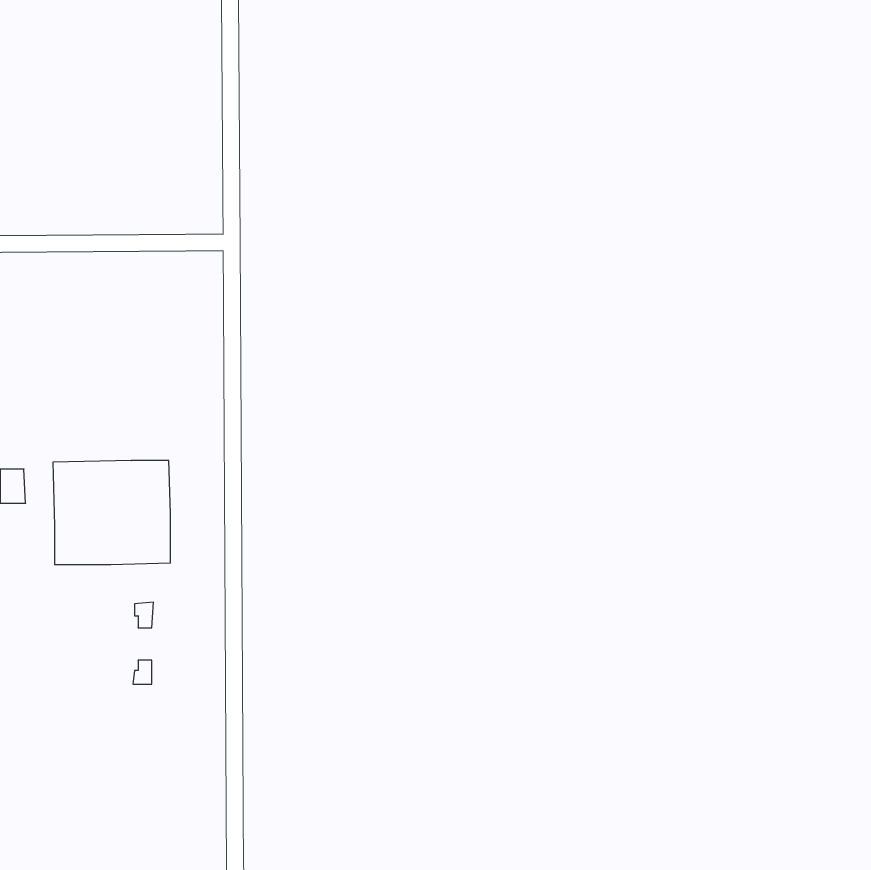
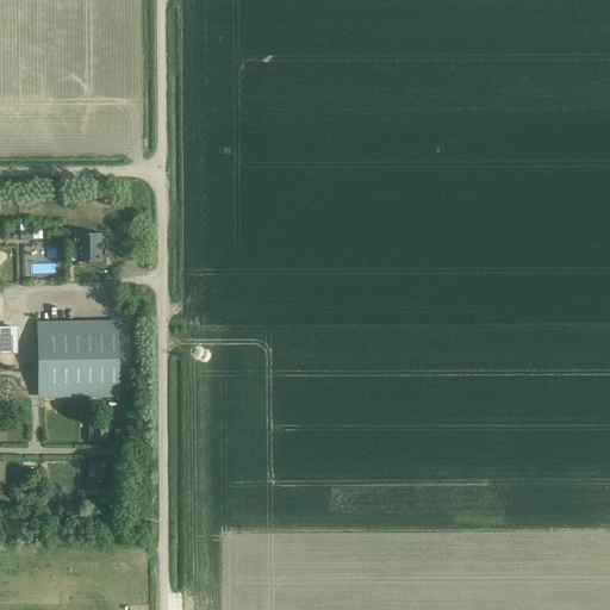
building: none -> [74,232,102,261]

